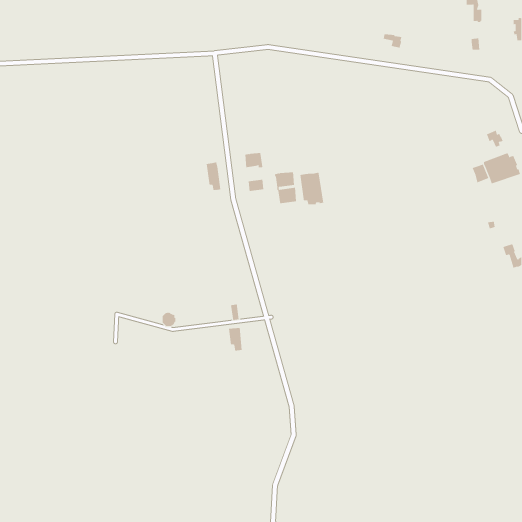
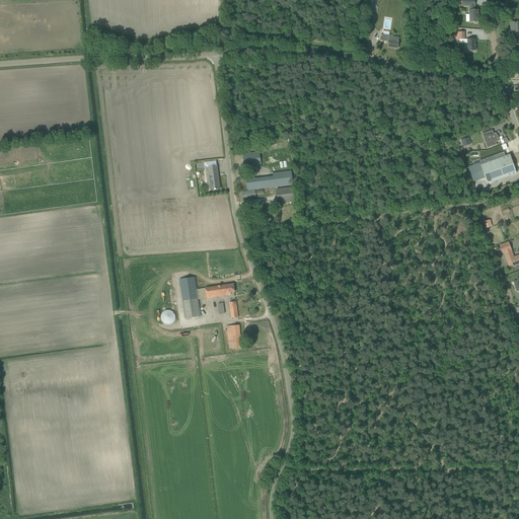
building: [300,172,324,205] -> none
building: none -> [178,276,234,317]

